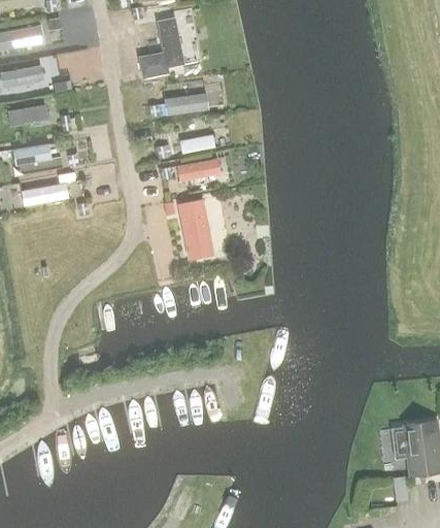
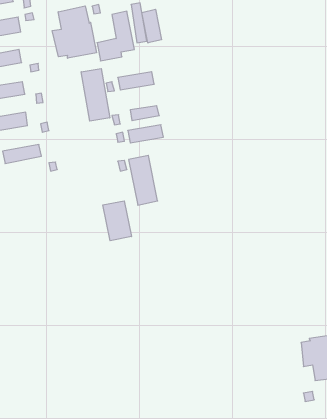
building: none -> [52,6,96,58]
building: none -> [142,9,161,43]
building: none -> [81,69,110,121]
building: none -> [103,201,131,241]

